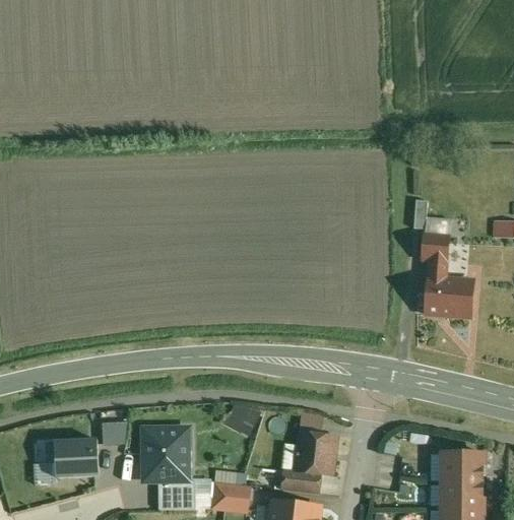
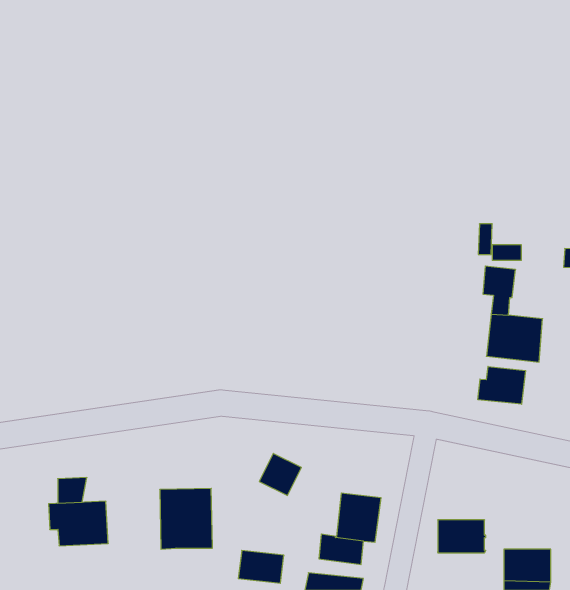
building: none -> [478,366,526,404]
building: [101,421,126,444] -> [58,478,87,503]
building: [440,452,481,480] -> [438,520,486,553]
building: [155,478,193,508] -> none

